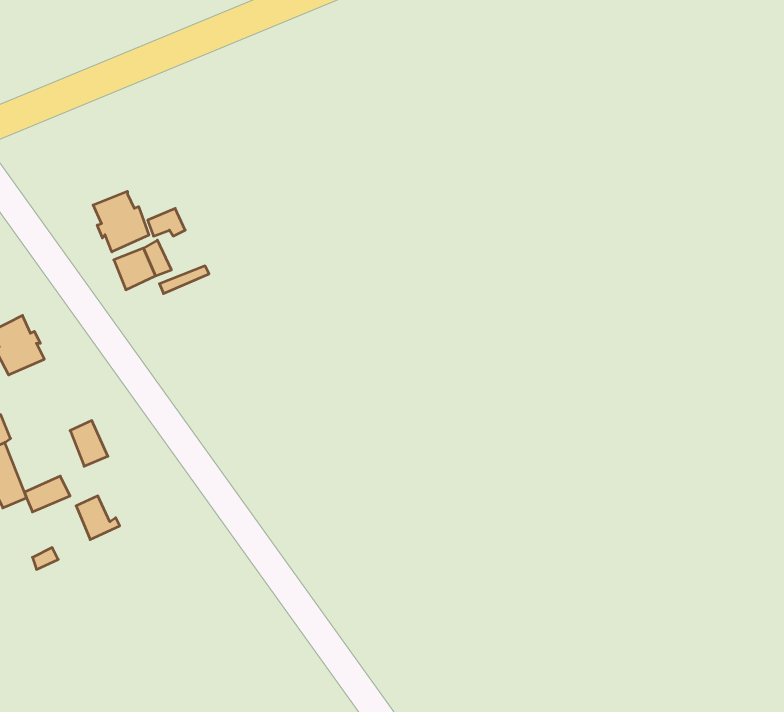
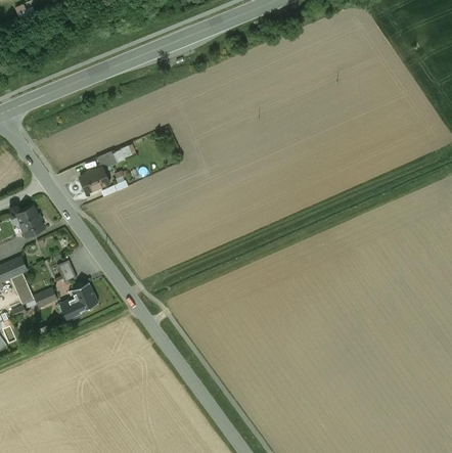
building: [93,191,149,252] -> none
building: none -> [69,282,97,312]

